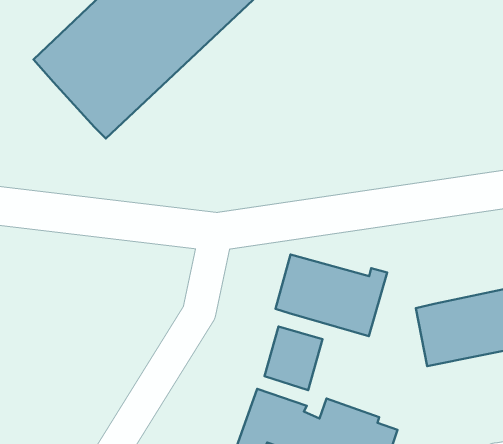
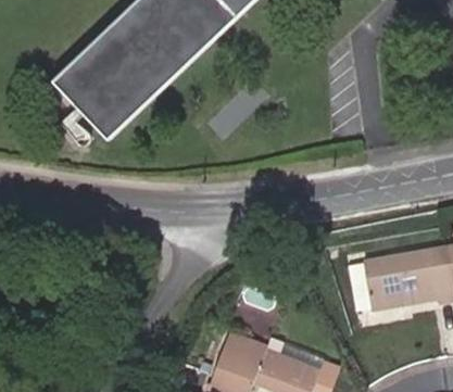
building: [275,254,387,336] -> none

